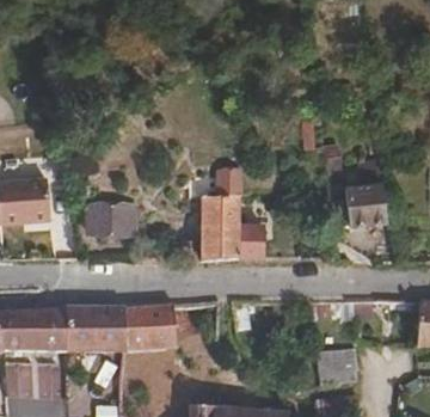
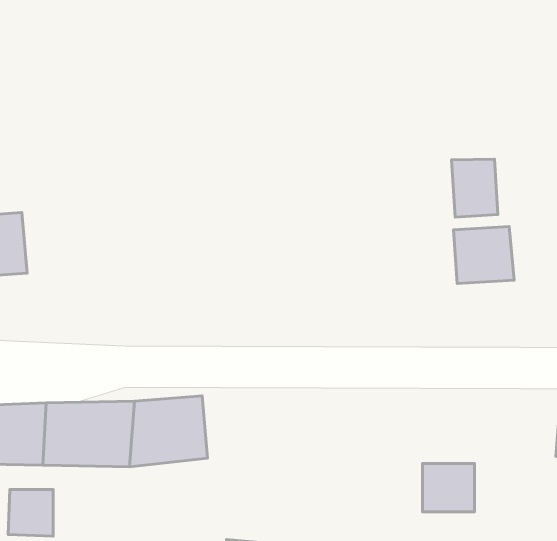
building: none -> [451,159,498,217]
building: [186,172,263,260] -> none
building: [86,208,130,235] -> none

